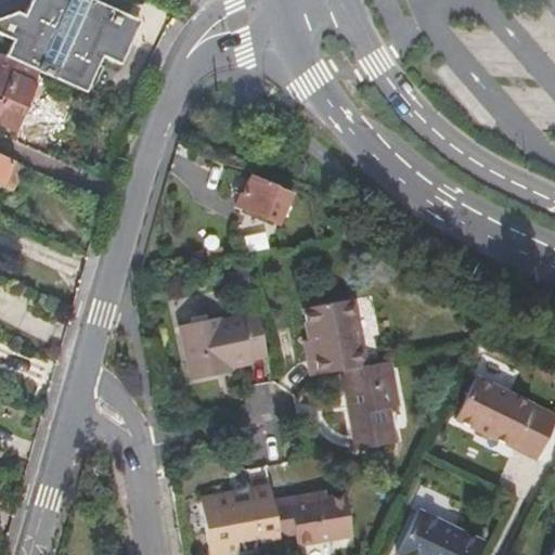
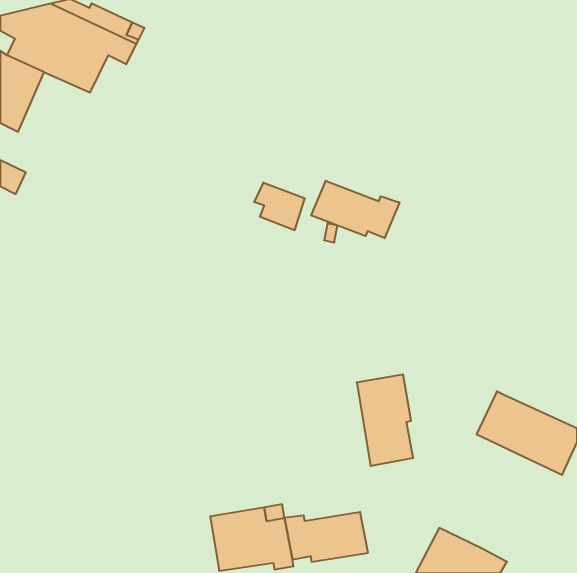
building: none -> [311,181,400,238]
building: [302,297,363,374] -> none
building: [179,311,267,379] -> none

